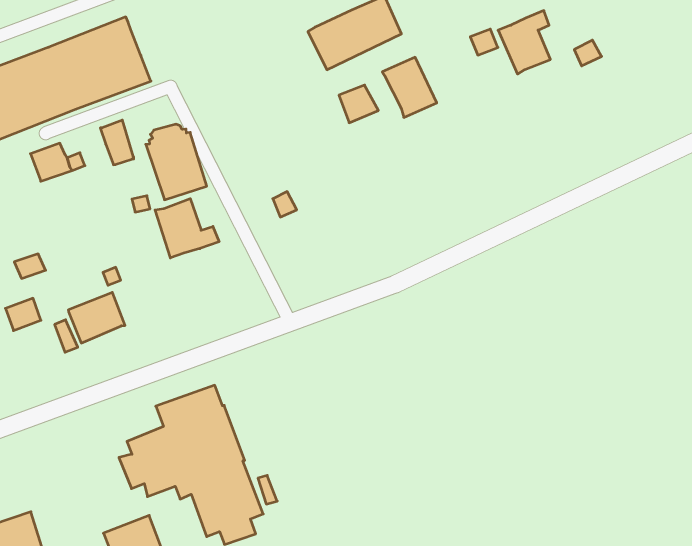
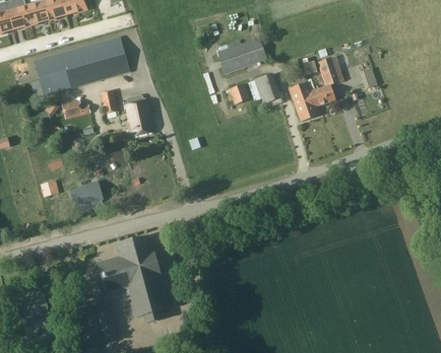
building: none -> [289,82,335,121]
building: [155,199,219,258] -> none

